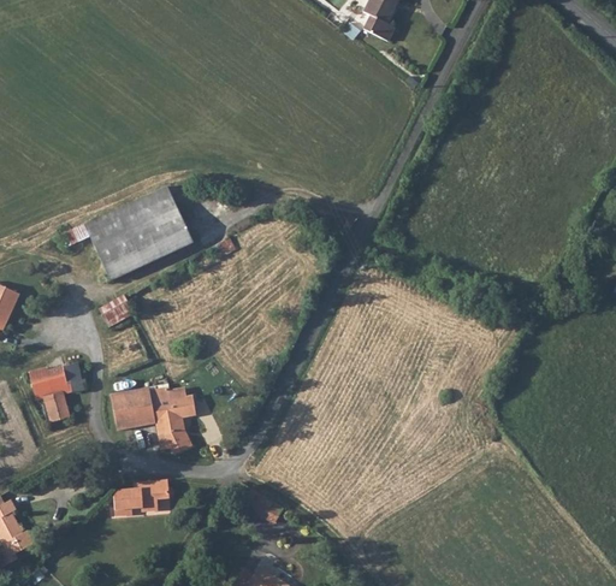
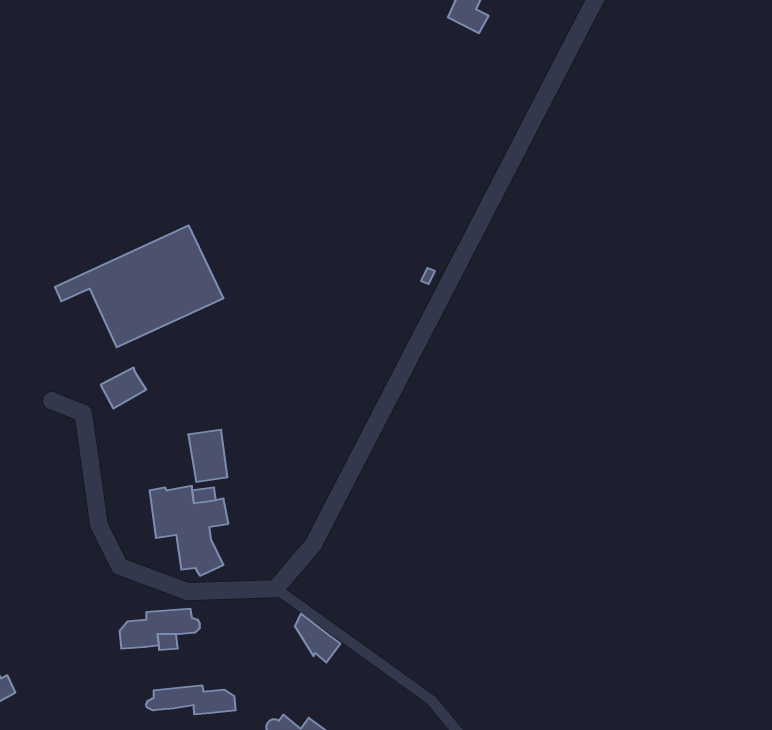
building: [29,361,88,421] -> none
building: [111,389,141,428] -> [188,430,228,482]
building: none -> [146,685,236,714]

